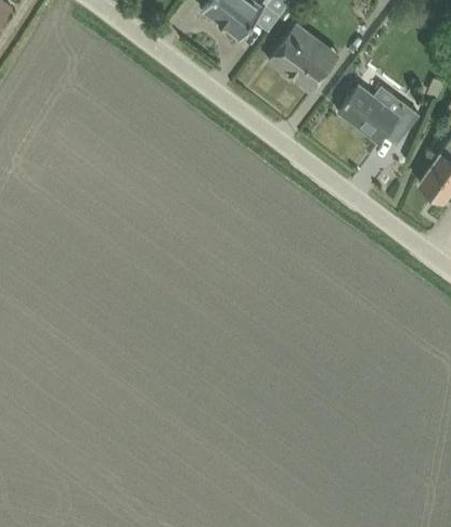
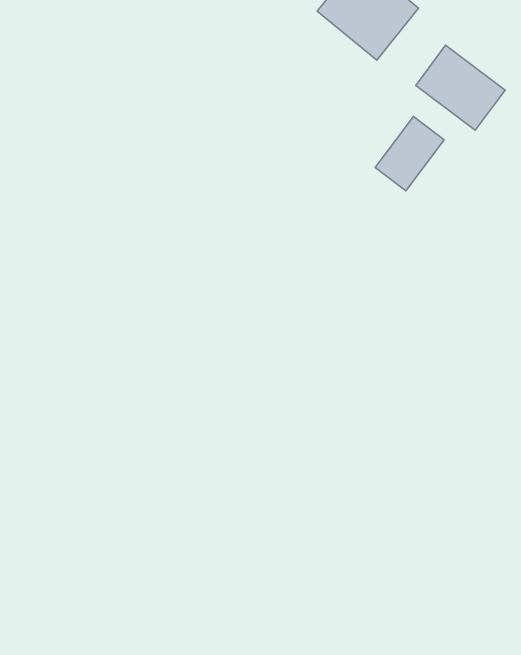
building: none -> [375,116,444,191]

